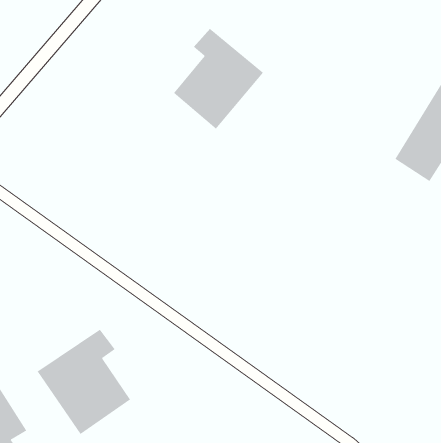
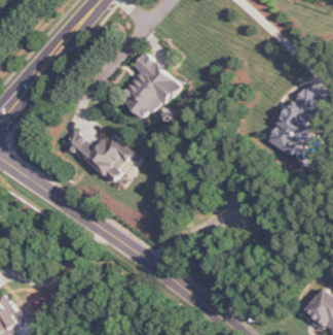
building: none -> [63,129,136,185]
building: [37,329,131,435] -> none

